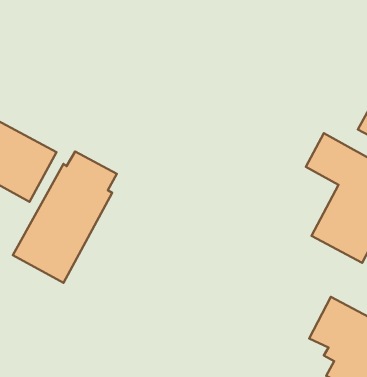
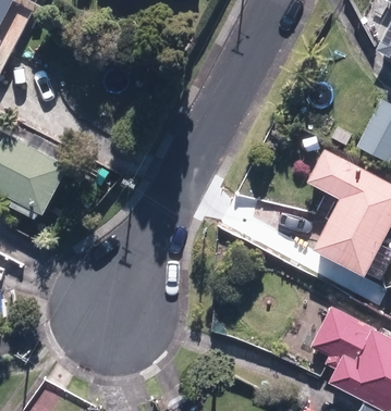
building: [13,151,117,283] -> none

